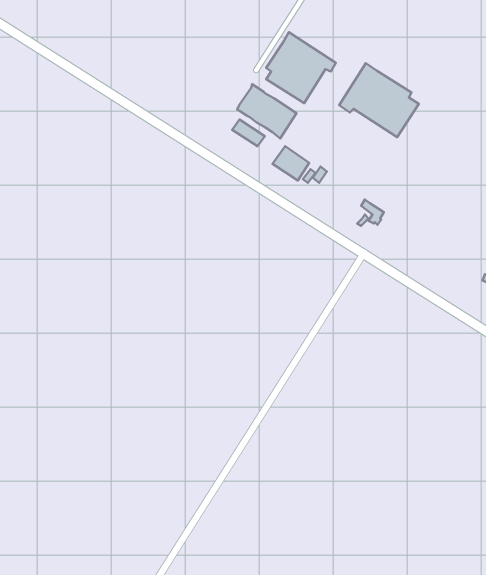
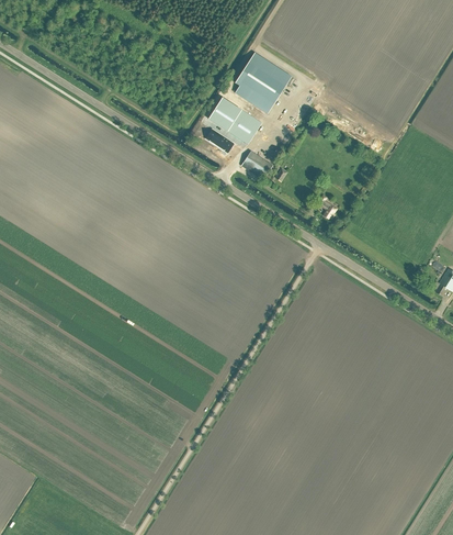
building: [339,63,419,137] -> none

